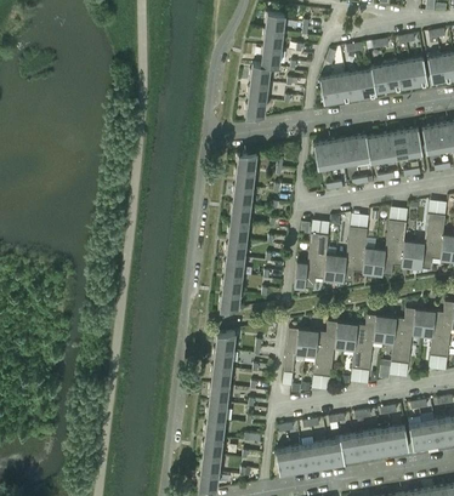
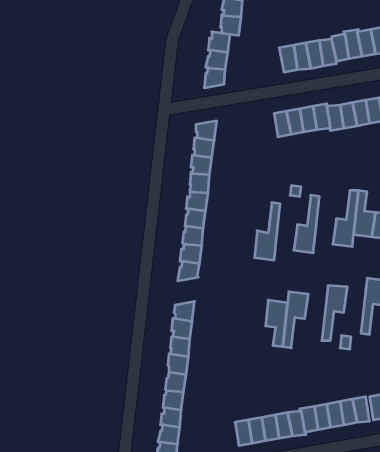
building: [354,227,376,274] -> none
building: [316,234,337,280] -> none
building: [384,317,405,363] -> none
building: [345,324,367,370] -> none
building: [284,327,308,372] -> none

